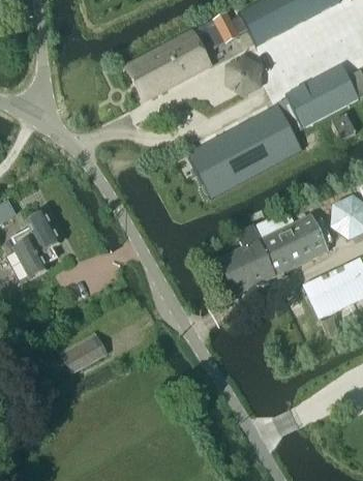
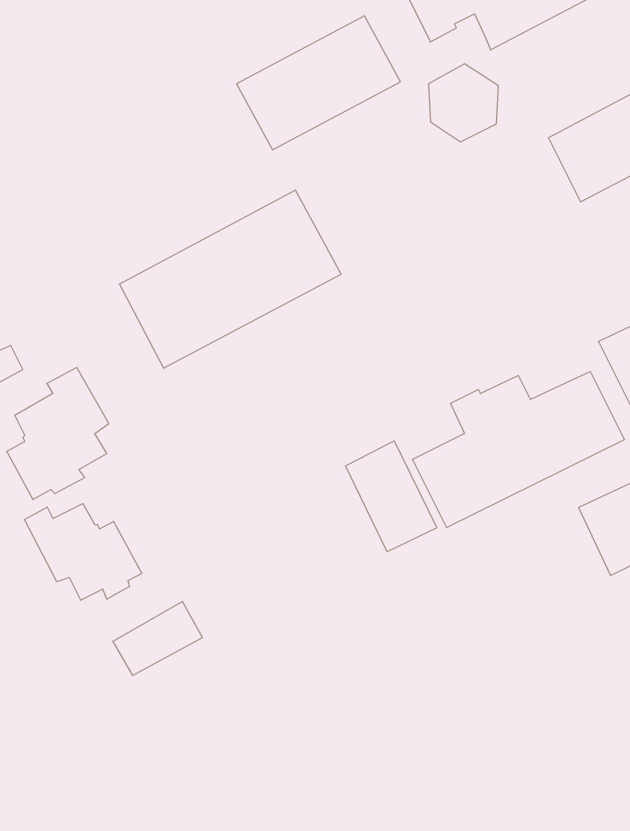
building: [186,102,301,194] -> [119,190,341,368]
building: none -> [345,441,437,552]
building: none -> [24,504,142,600]

